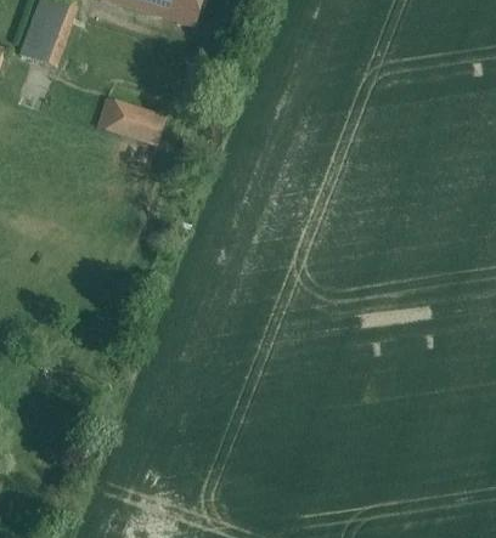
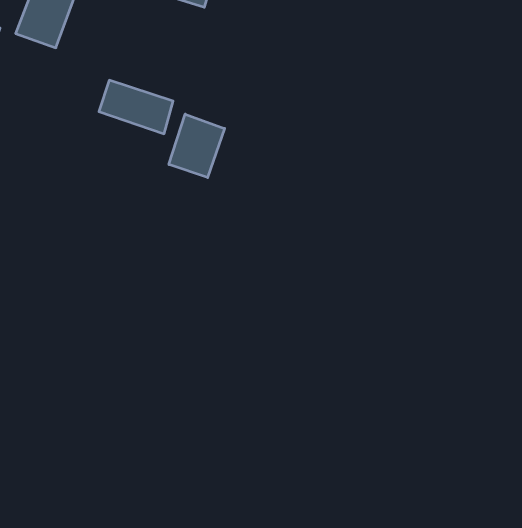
building: none -> [169,114,225,178]

